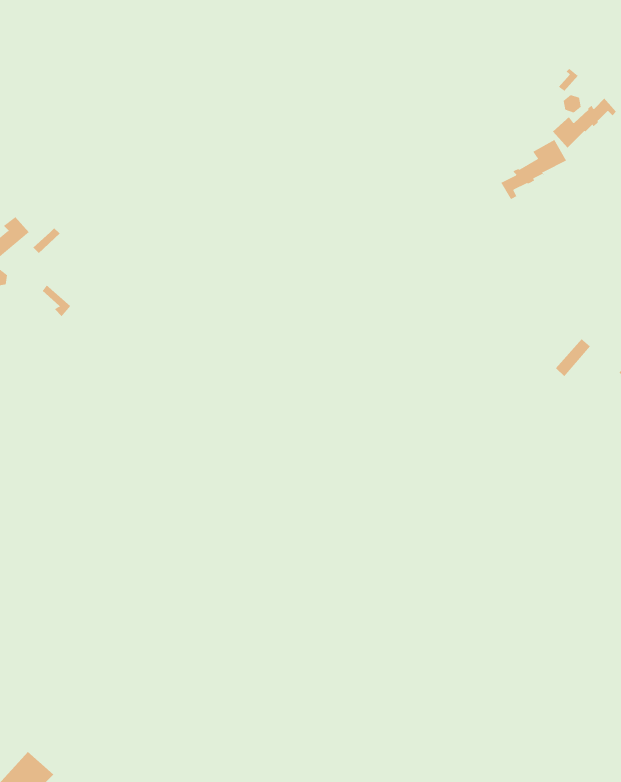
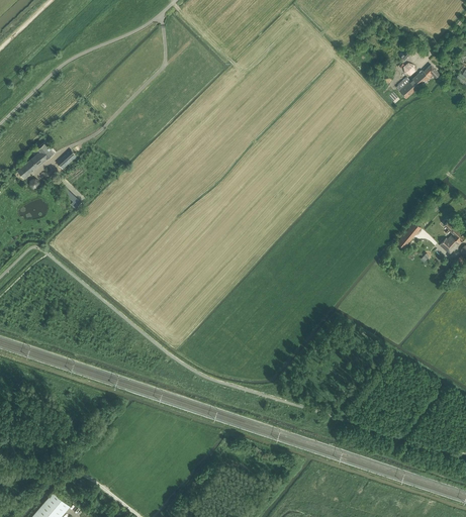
building: [501,139,567,200] -> none

